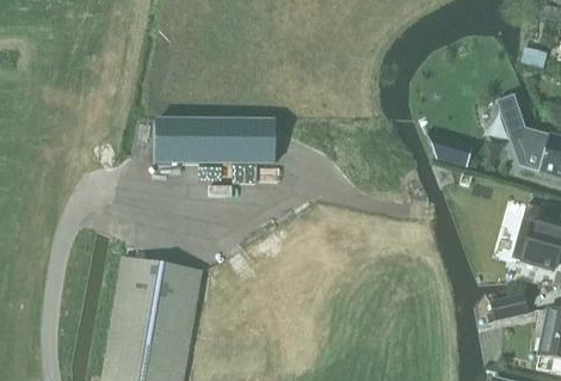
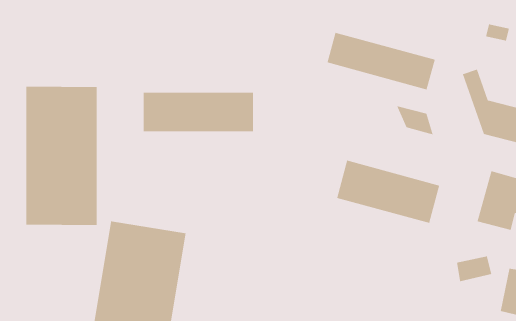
building: none -> [326,32,436,90]
building: none -> [26,86,97,226]
building: none -> [336,160,440,224]

